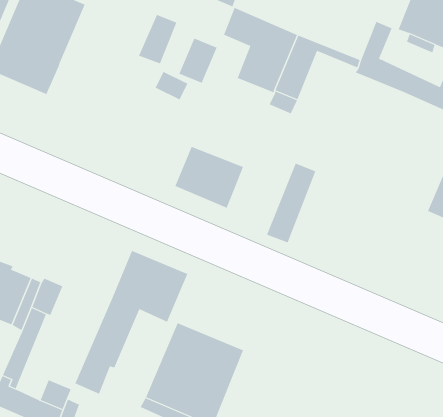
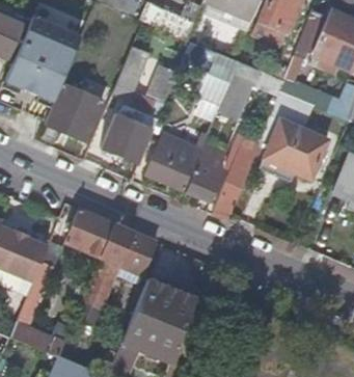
building: none -> [43,80,102,141]
building: none -> [258,89,327,179]
building: none -> [103,102,158,160]
building: none -> [188,140,225,200]
building: none -> [65,208,113,258]

